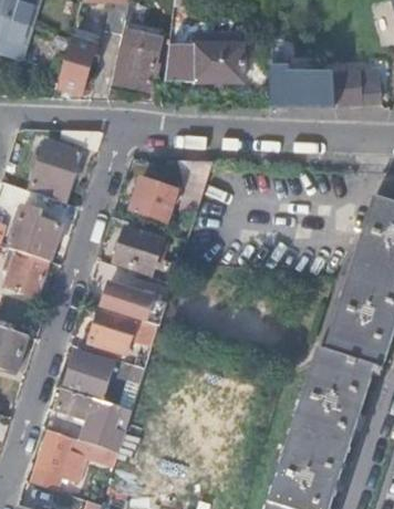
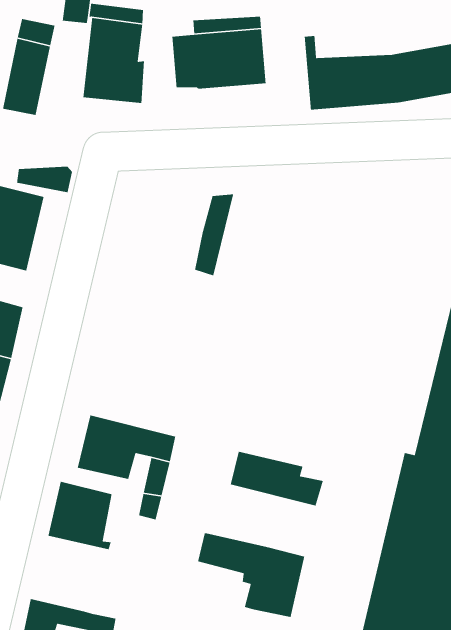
building: [131,178,175,219] -> none
building: [115,226,180,282] -> none
building: [101,281,166,324] -> [230,451,324,506]
building: [56,386,132,450] -> [197,532,305,618]

